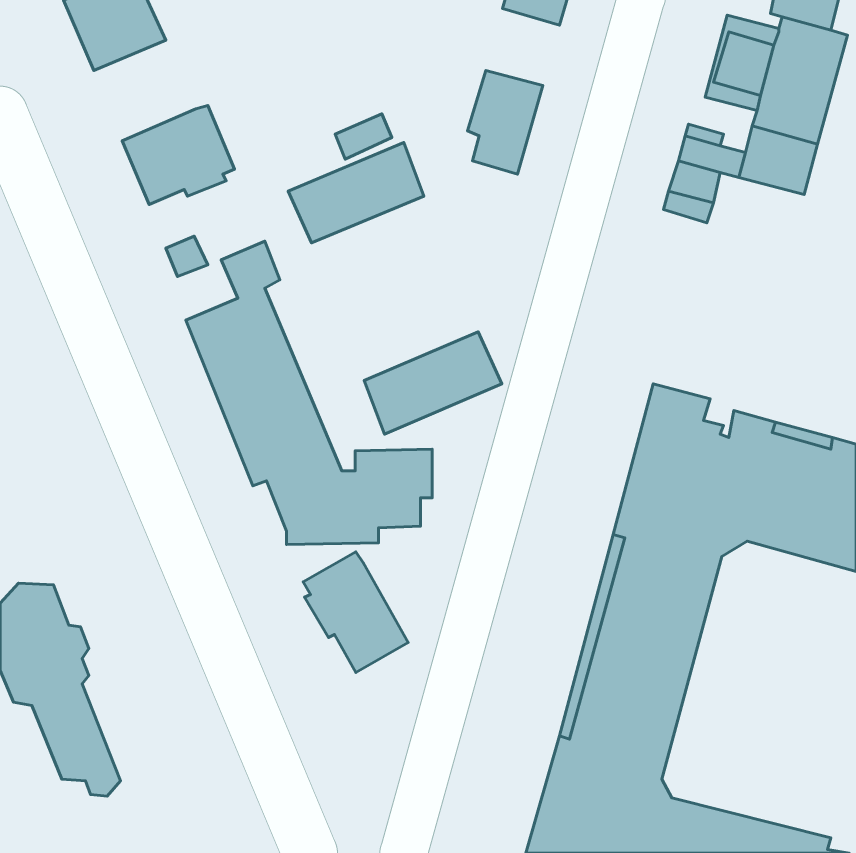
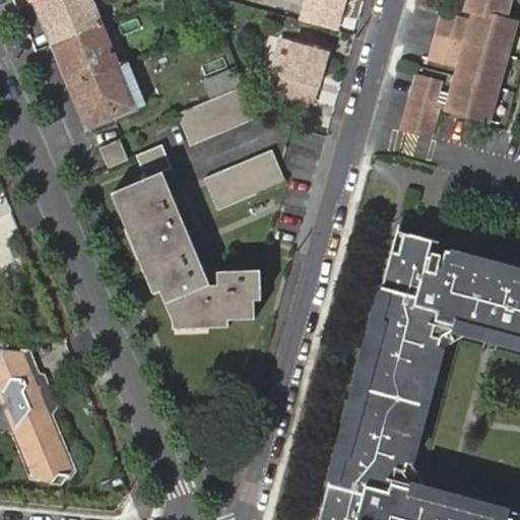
building: none -> [57,24,119,85]
building: [364,332,502,434] -> [203,151,286,213]
building: [303,552,408,672] -> none

